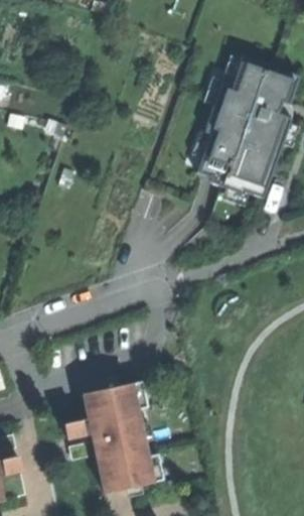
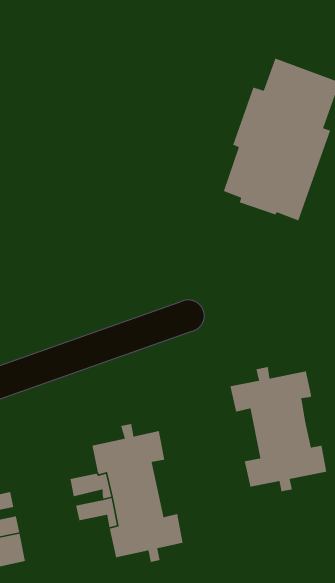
building: none -> [229,366,327,492]

